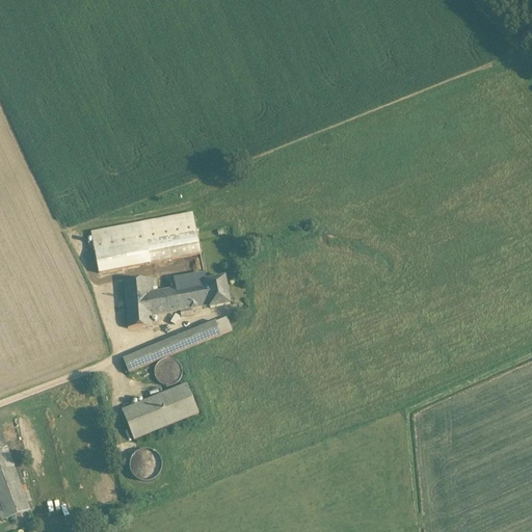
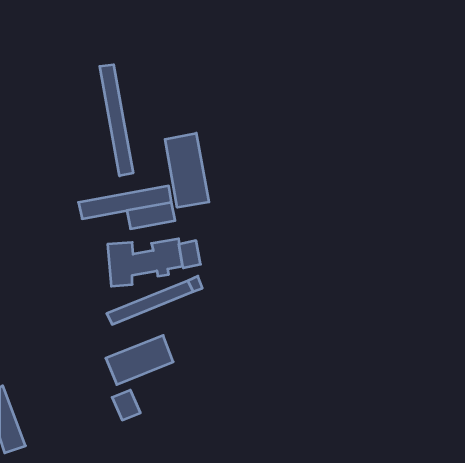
building: none -> [100,65,133,176]
building: none -> [165,133,209,207]
building: [94,240,149,271] -> none
building: [153,357,181,384] -> none

